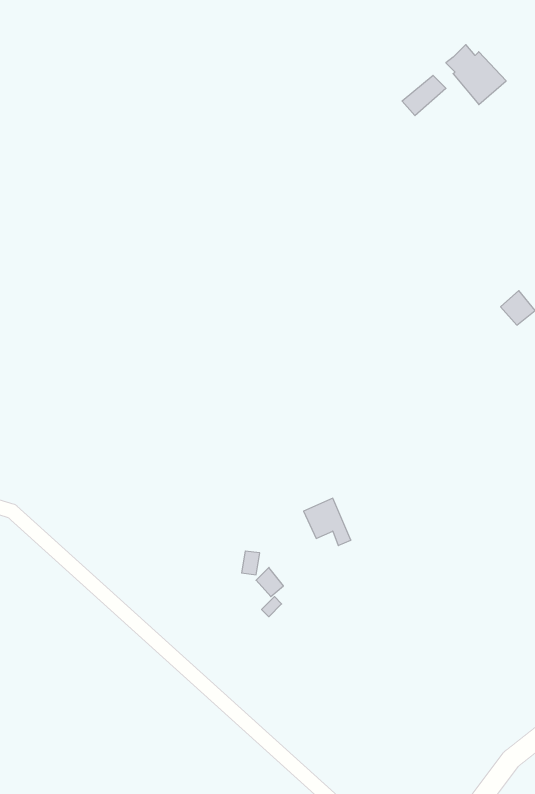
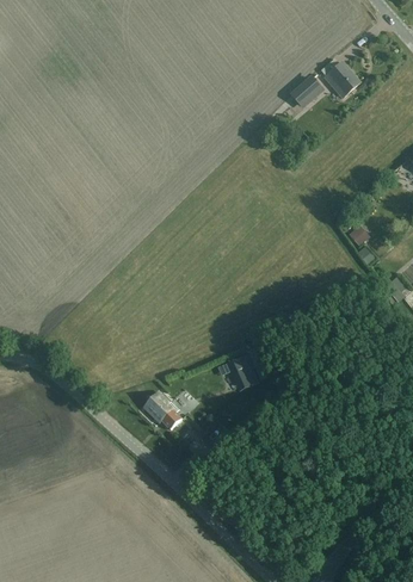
building: none -> [143,392,184,433]

